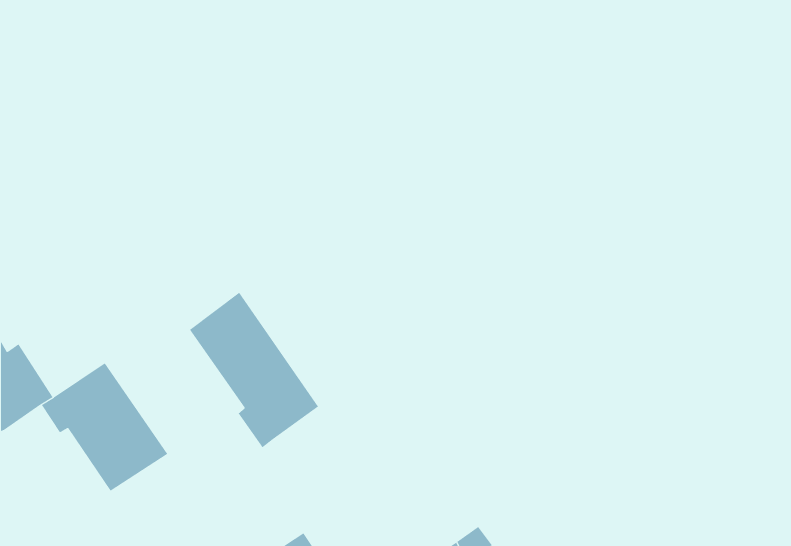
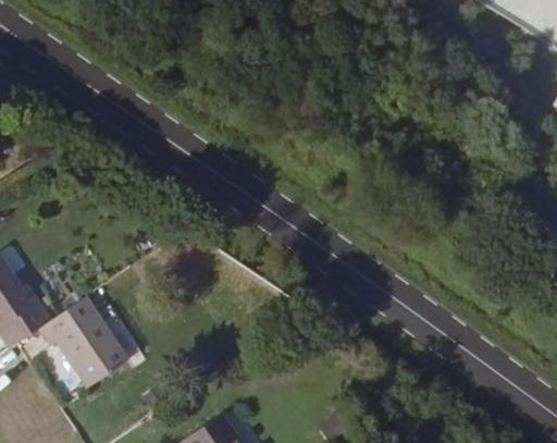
building: [189,292,319,448] -> none

